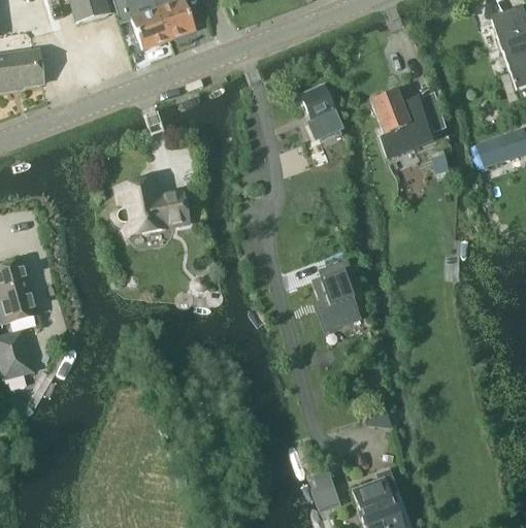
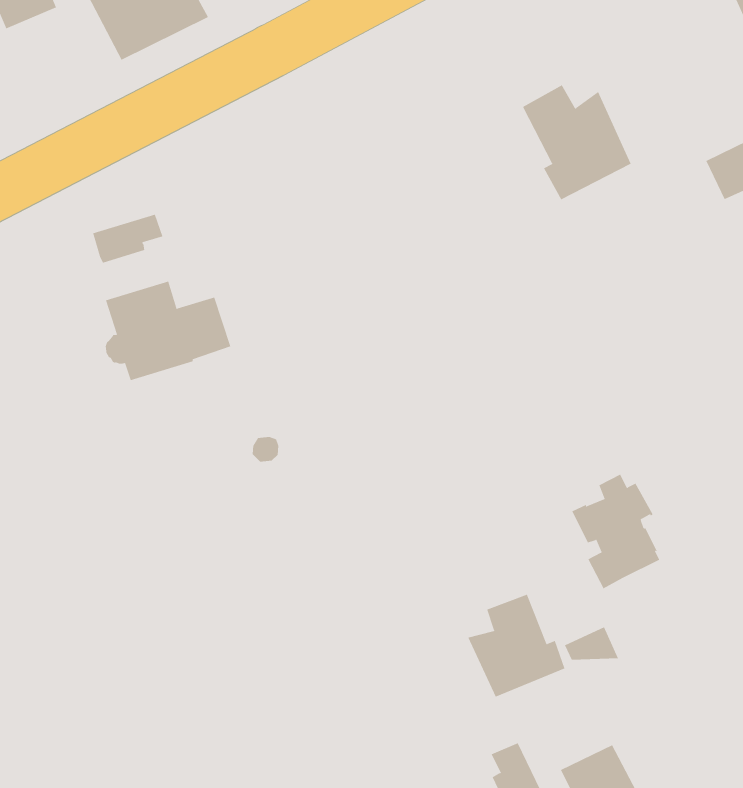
building: [300,85,342,138] -> none
building: none -> [93,214,163,264]
building: [311,261,360,327] -> [571,474,660,589]
building: none -> [468,594,565,698]

